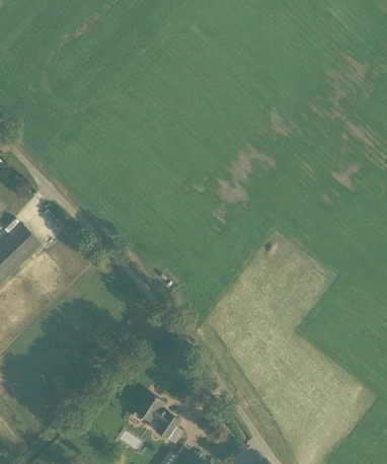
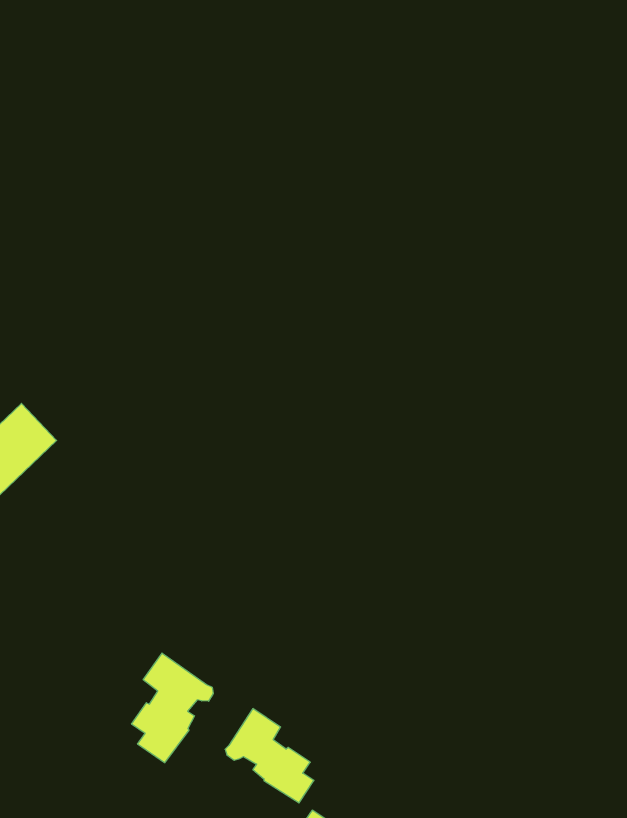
building: none -> [132,653,213,763]

